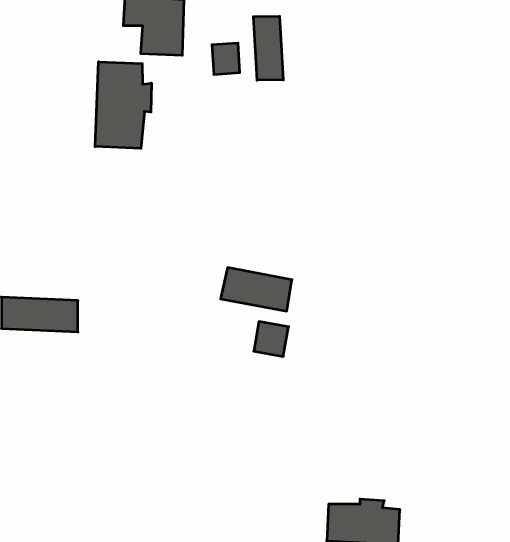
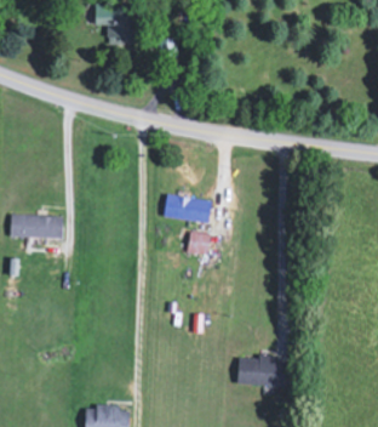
building: [253,16,283,80] -> none
building: [95,62,151,148] -> none

